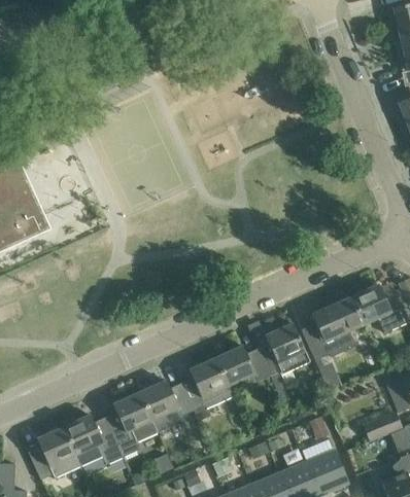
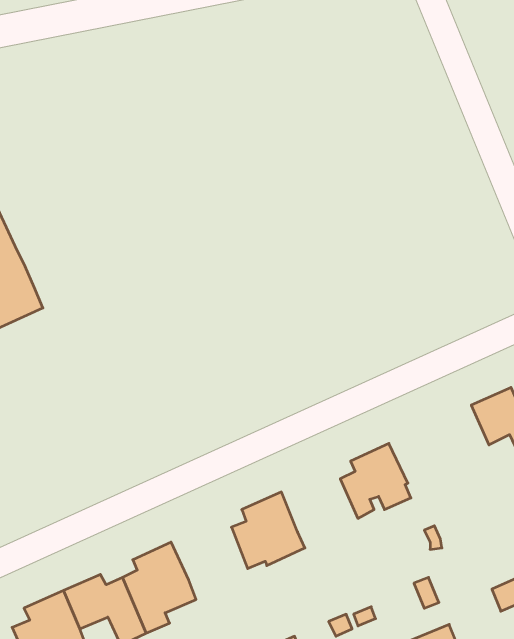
building: [301,296,362,362] -> none
building: [216,346,270,385] -> none
building: [139,380,193,419] -> none

